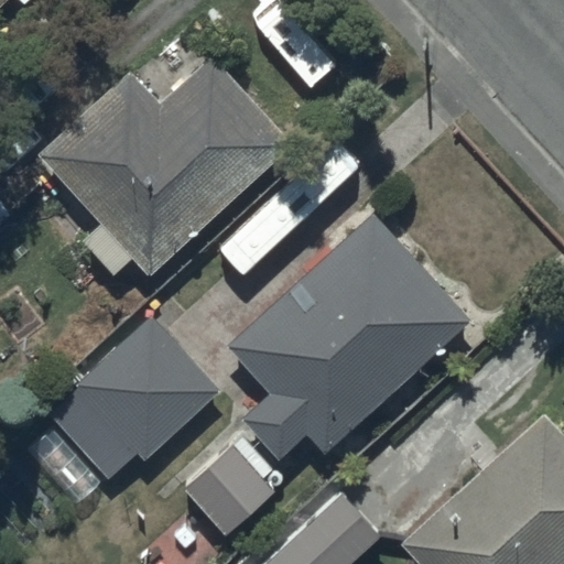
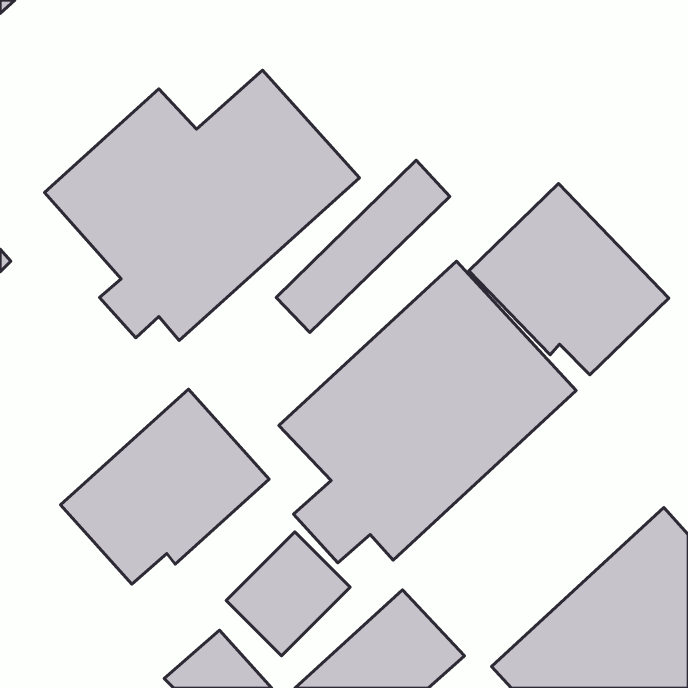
building: none -> [469,184,669,375]

